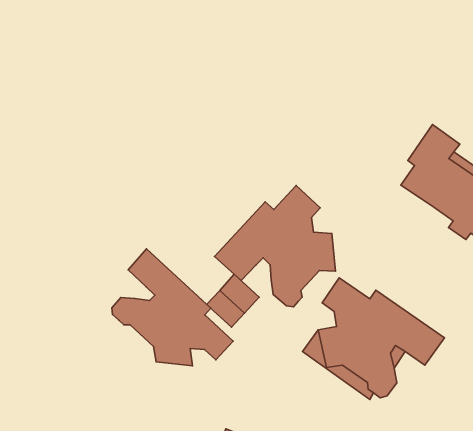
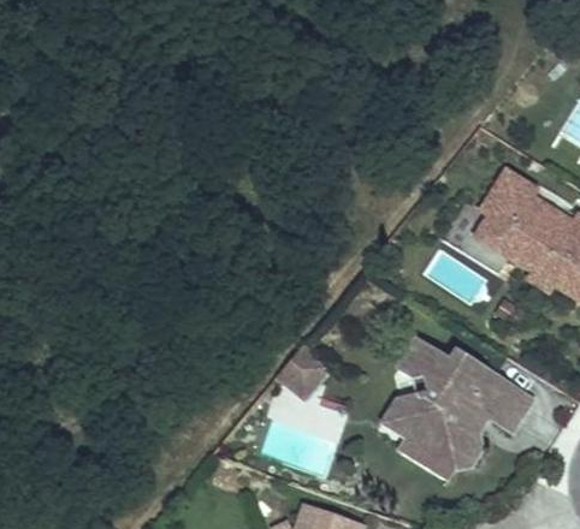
building: [215,185,335,307] -> none
building: [112,249,233,366] -> none

